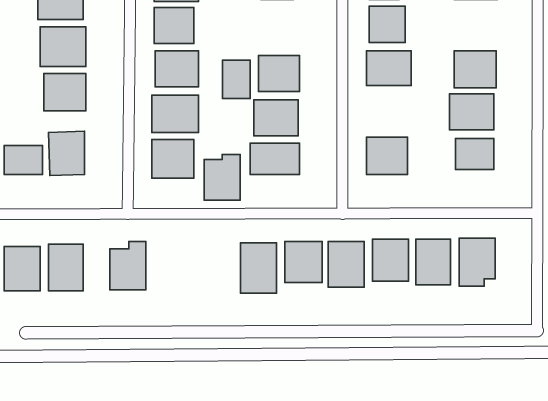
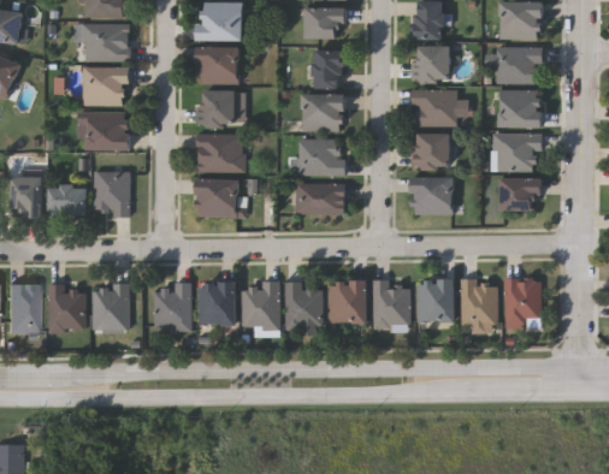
building: none -> [497,47,539,83]
building: [222,60,250,98] -> [315,51,343,89]
building: none -> [412,134,450,170]
building: [204,155,240,200] -> [242,282,278,327]
building: none -> [199,282,236,324]

